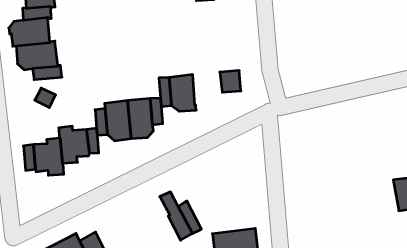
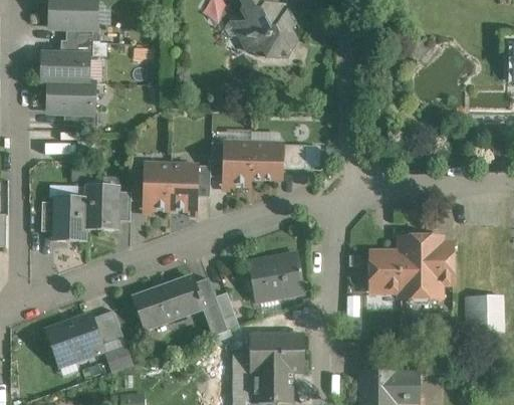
building: none -> [249,142,283,178]
building: none -> [369,235,453,296]
building: none -> [251,253,301,298]
building: none -> [133,275,204,326]

